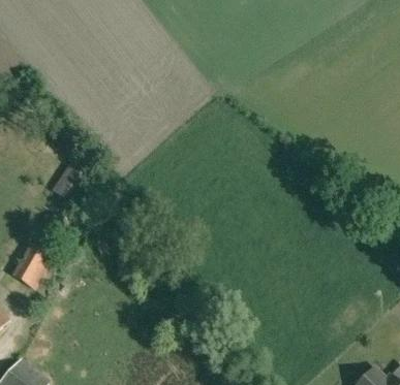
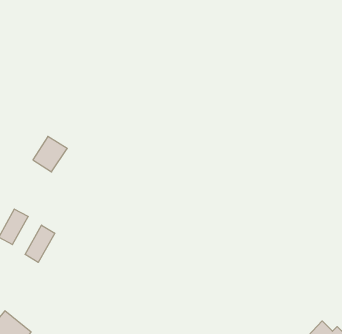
building: none -> [25,225,55,262]

